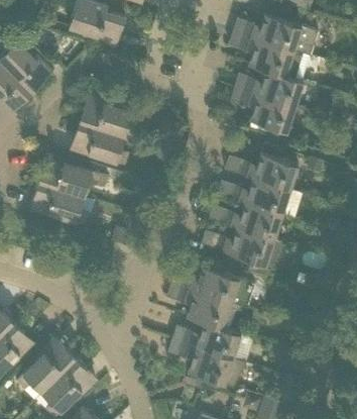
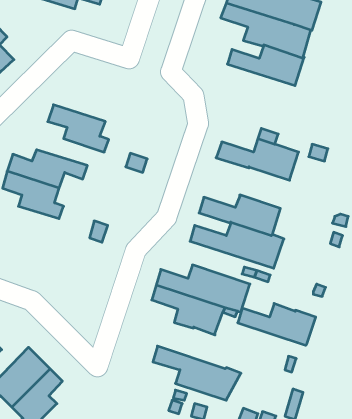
building: [230,87,294,132] -> none
building: [79,103,140,138] -> none
building: [216,179,302,220] -> none
building: [171,322,241,359] -> [238,303,316,345]

